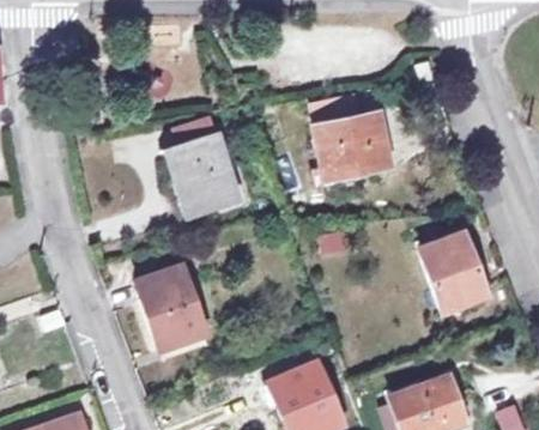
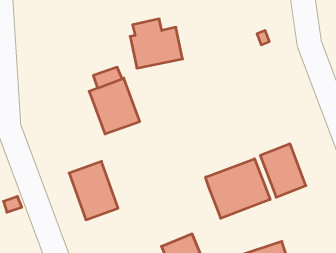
building: [315,108,390,178] -> [130,19,183,68]
building: none -> [206,159,270,218]

